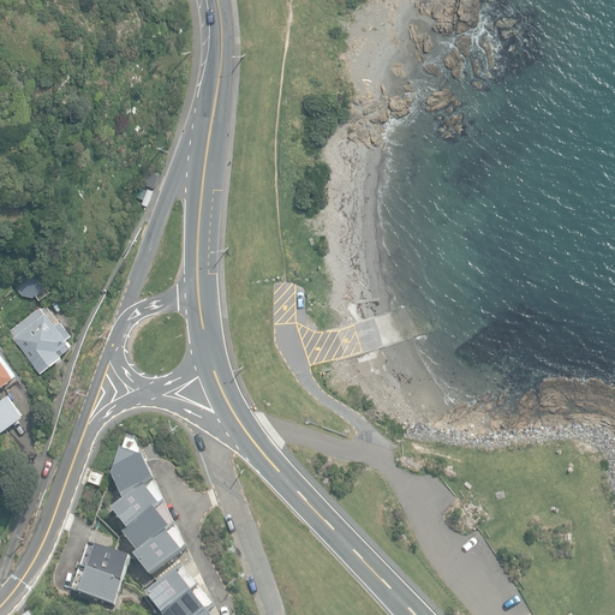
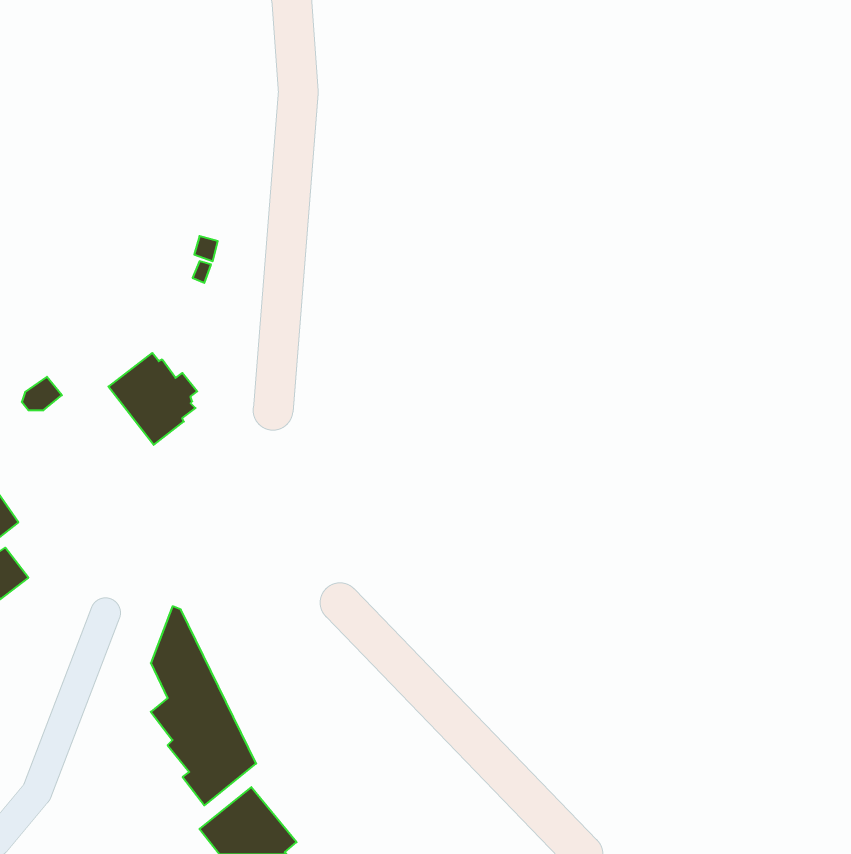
building: [6,306,70,372] -> [108,353,197,445]
building: [68,542,129,607] -> none

